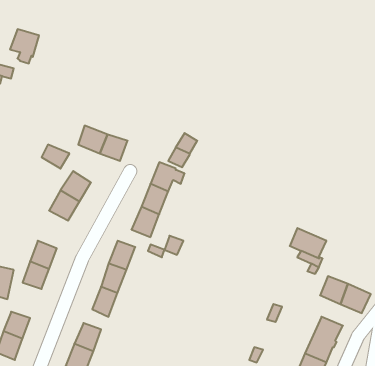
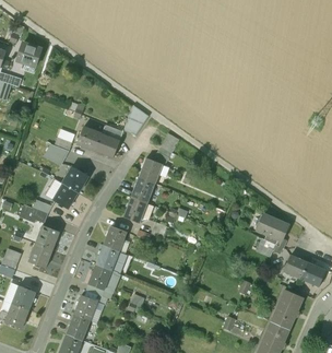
building: none -> [16,198,51,224]

